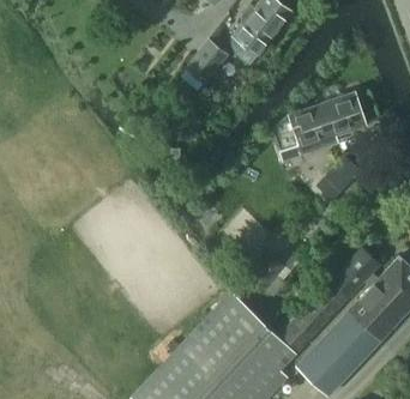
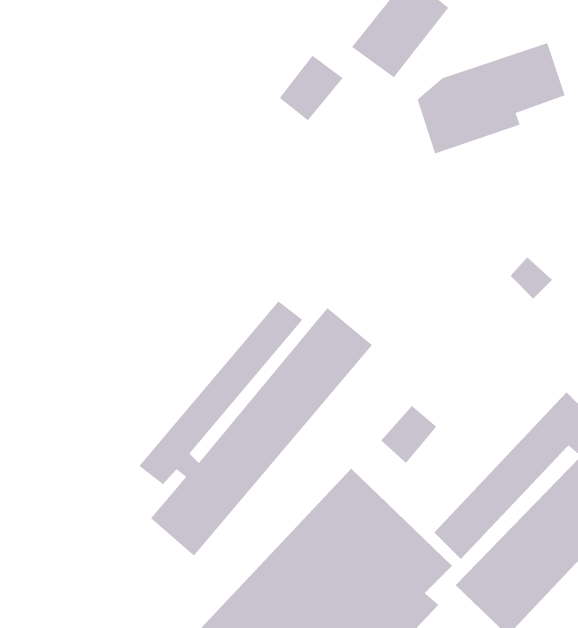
building: [275,92,366,161] -> [417,43,565,154]
building: none -> [138,300,373,557]

